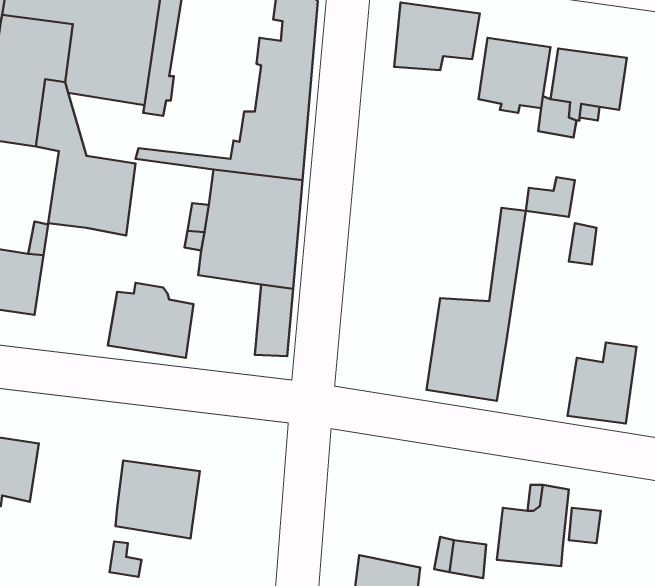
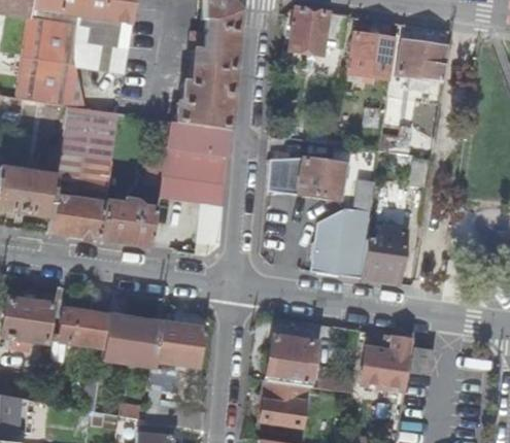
building: none -> [266,148,343,197]
building: none -> [45,159,110,238]
building: [568,342,636,424] -> [360,226,406,280]
building: none -> [45,308,108,388]
building: none -> [155,322,203,367]
building: none -> [267,334,319,387]

